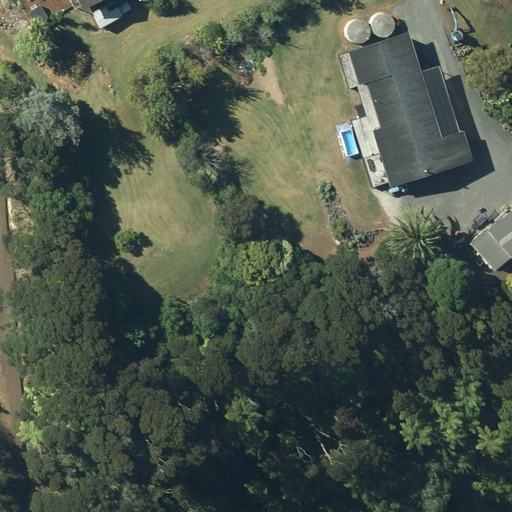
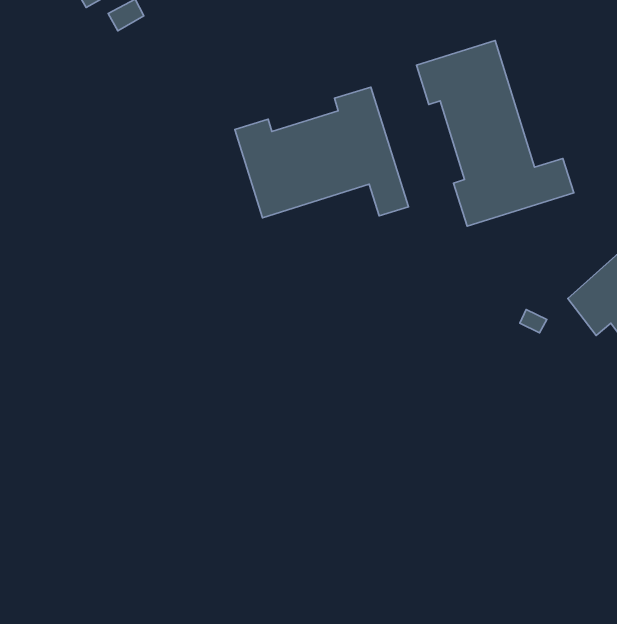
building: none -> [235,87,408,218]

